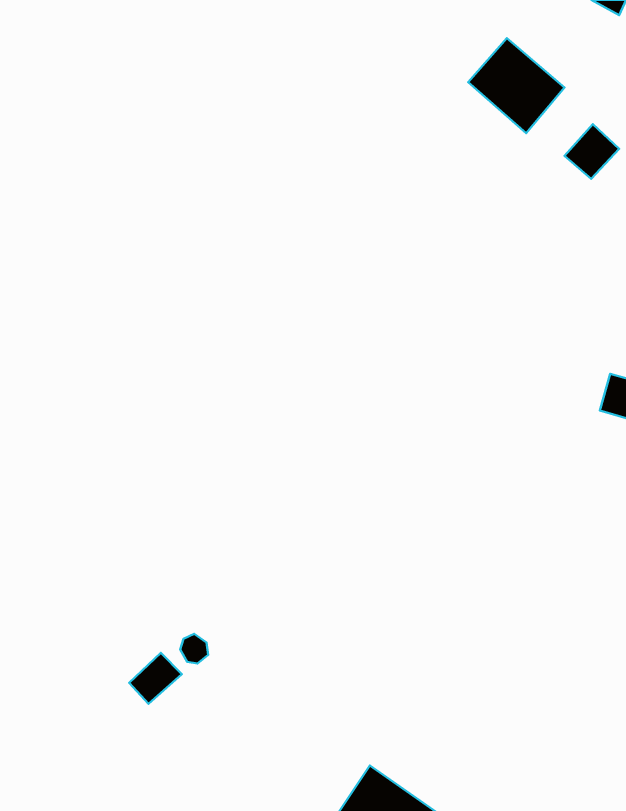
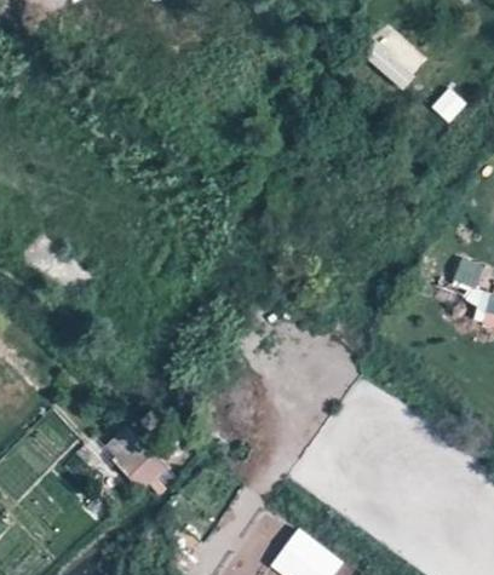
building: none -> [104,426,153,472]

